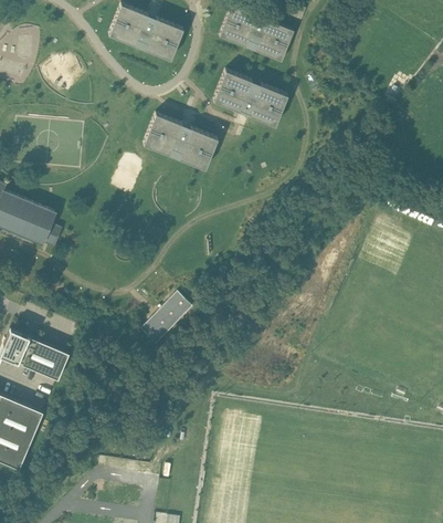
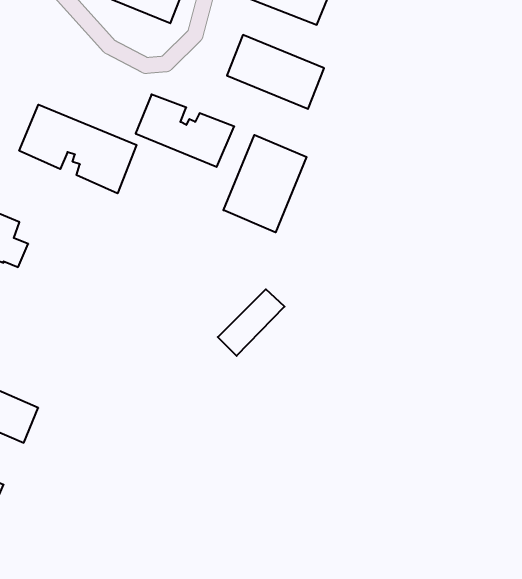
building: none -> [19,105,137,193]
building: none -> [223,135,307,232]
building: [140,293,191,344] -> [218,289,285,356]

